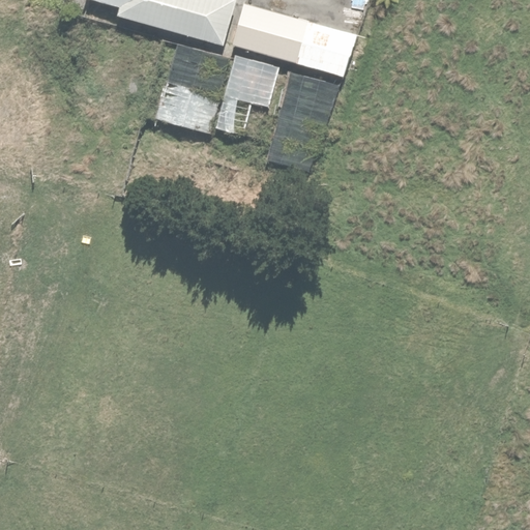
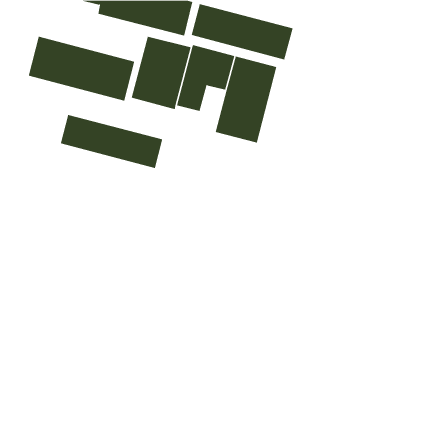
building: none -> [28,36,135,101]
building: none -> [60,114,163,169]

